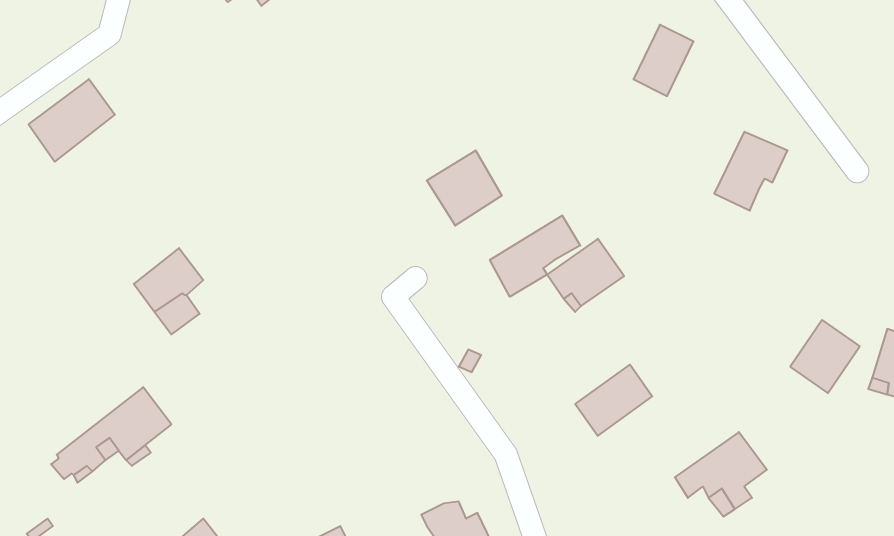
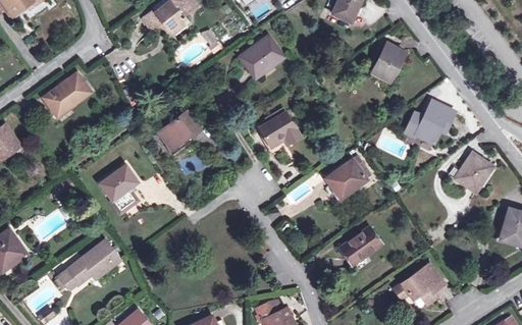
building: none -> [240,36,284,78]
building: none -> [158,111,200,156]
building: [490,215,580,297] -> none
building: [790,320,860,393] -> [455,153,492,193]

